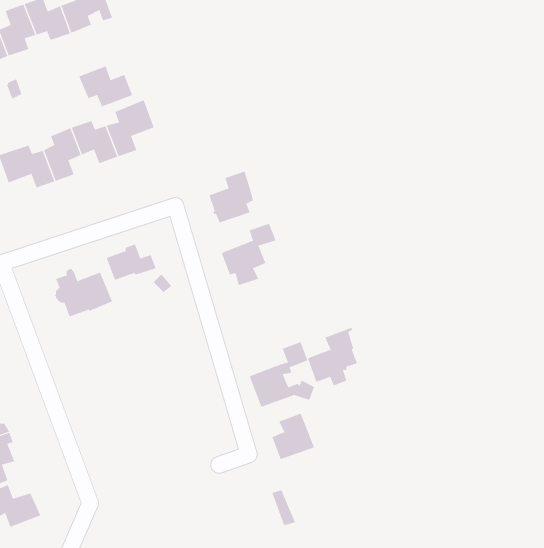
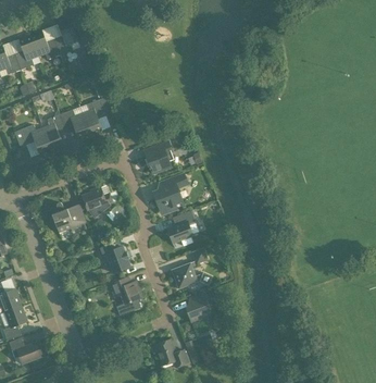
building: [79,65,133,107] -> none
building: [307,327,358,386] -> [167,209,199,246]
building: none -> [98,243,130,273]
building: none -> [110,276,141,316]
building: none -> [154,339,188,368]

